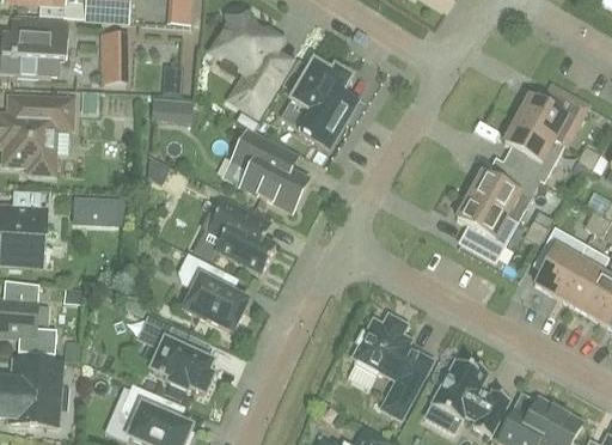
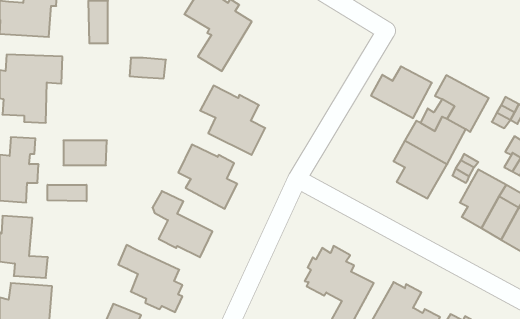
building: [289,60,356,146] -> none
building: [516,85,587,145] -> [371,66,432,118]
building: none -> [48,185,86,201]

